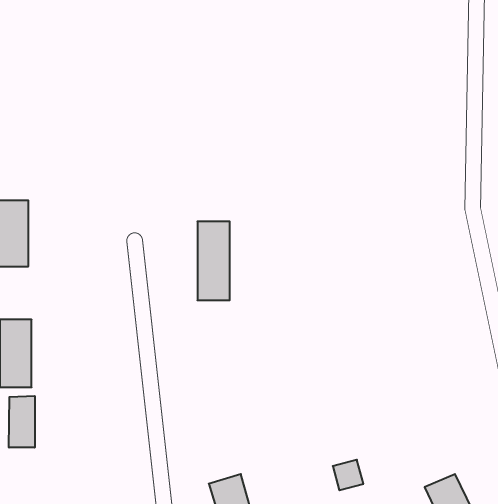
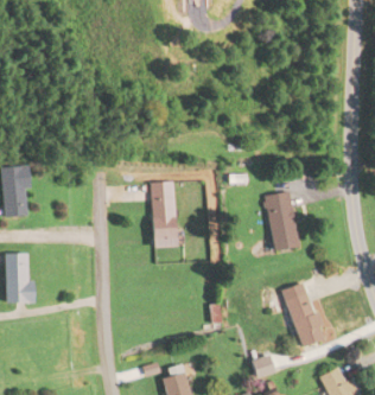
building: none -> [266,191,299,250]
building: none -> [286,292,323,346]
building: [9,396,35,448] -> none

